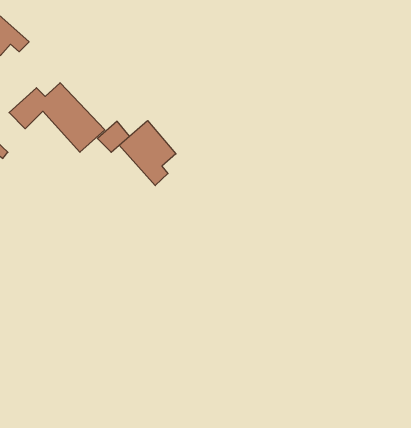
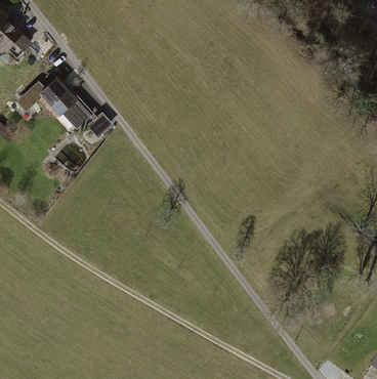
building: [119,121,176,186] -> none

